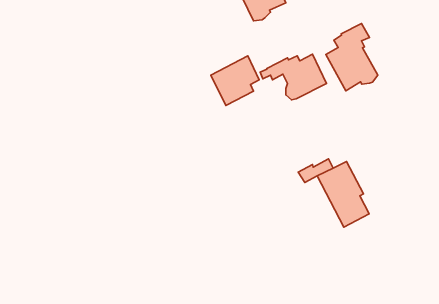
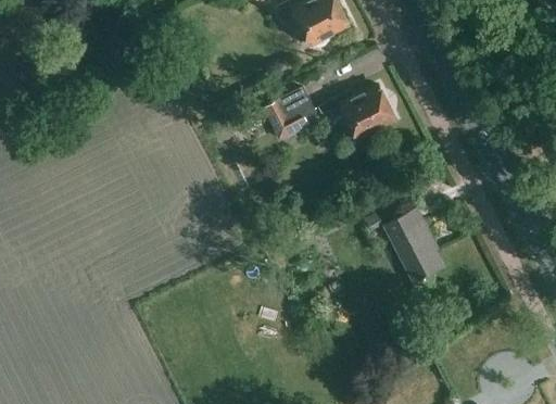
building: [326,23,378,91] -> none

